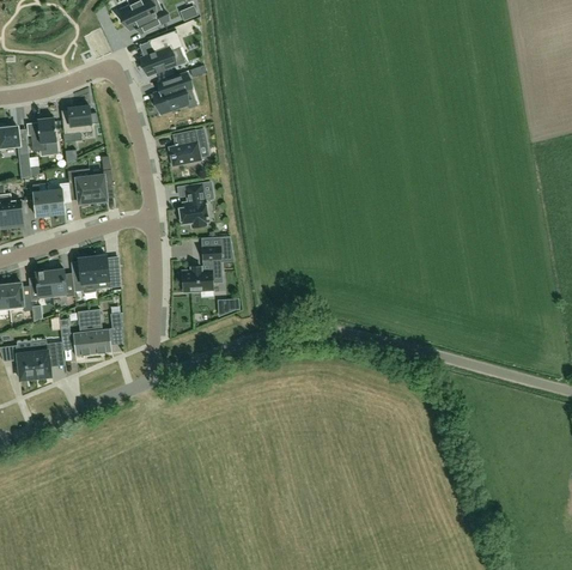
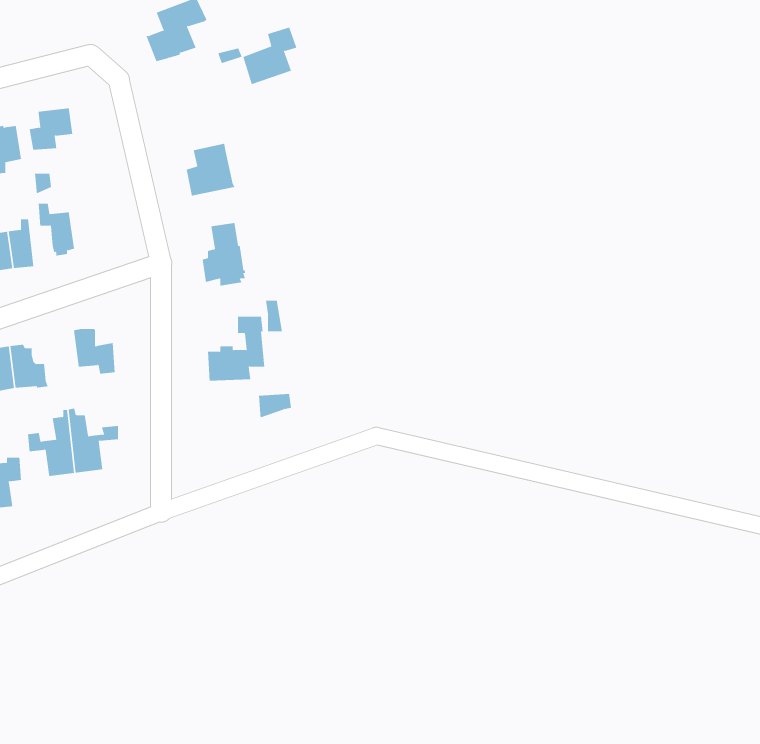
building: [154,73,191,113] -> [242,27,297,85]
building: [90,169,114,204] -> none
building: [72,256,96,291] -> none

